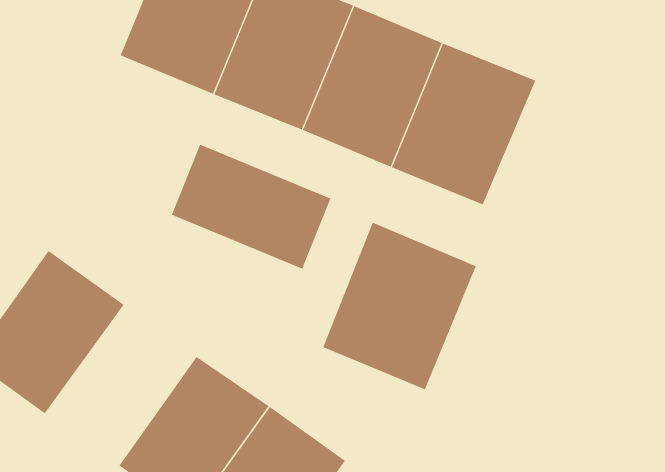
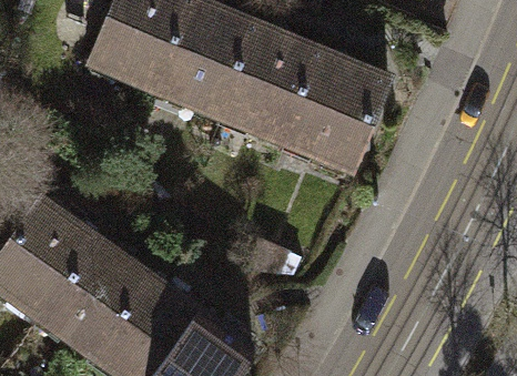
building: [171,144,331,269] -> none
building: [323,222,476,390] -> none
building: none -> [38,238,145,353]

